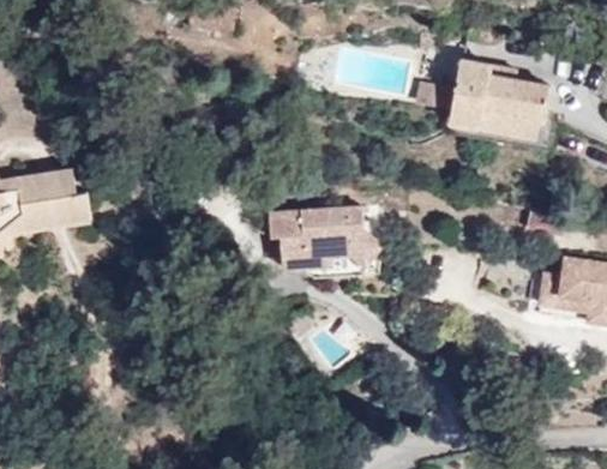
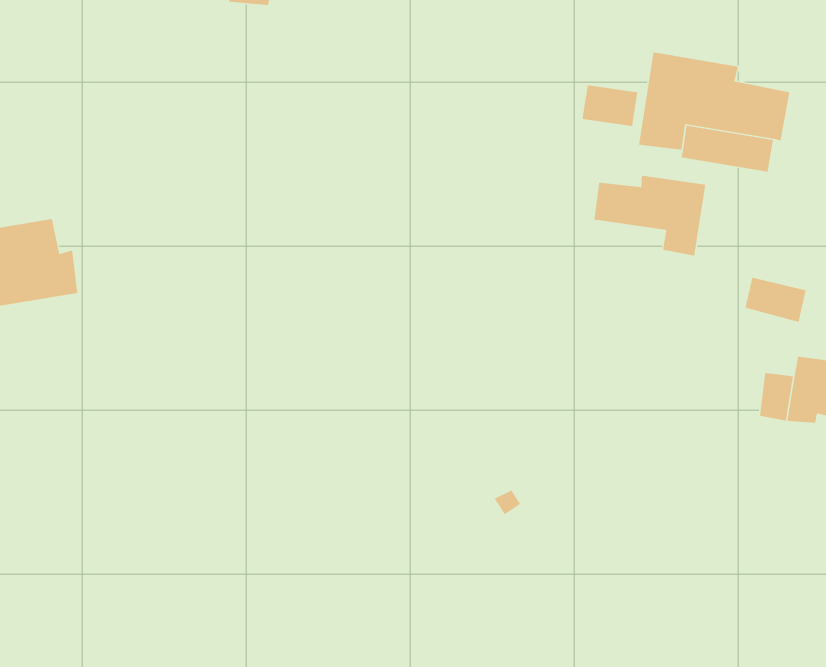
building: none -> [594,175,706,257]
building: [269,204,379,275] -> none

